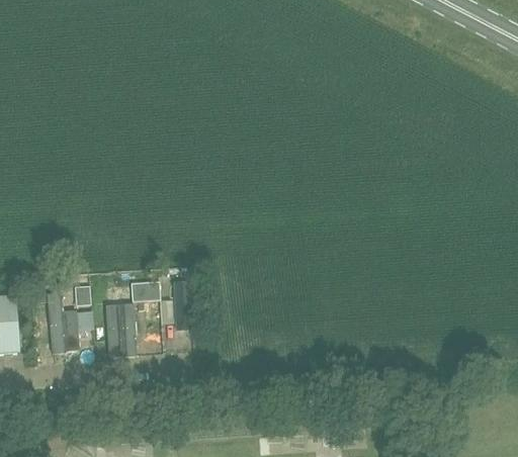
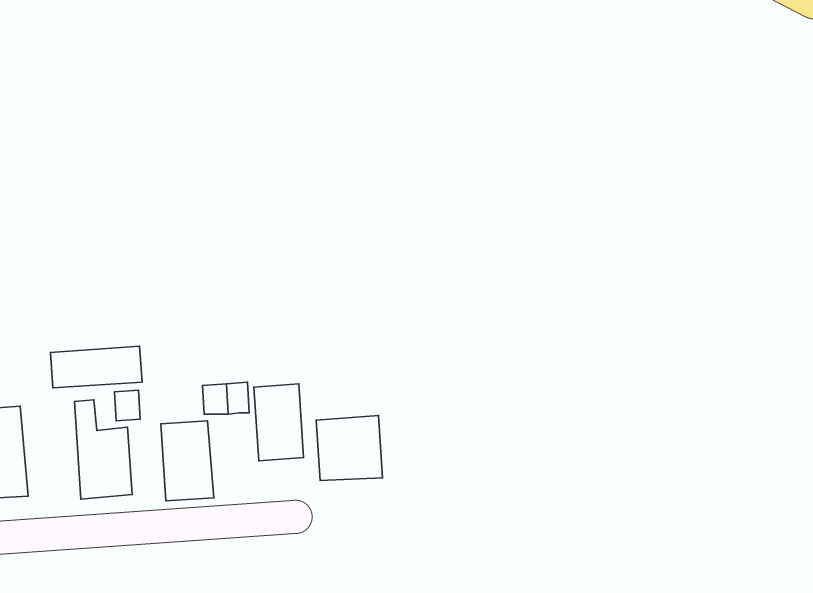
building: none -> [51,346,142,388]
building: none -> [316,416,383,480]

